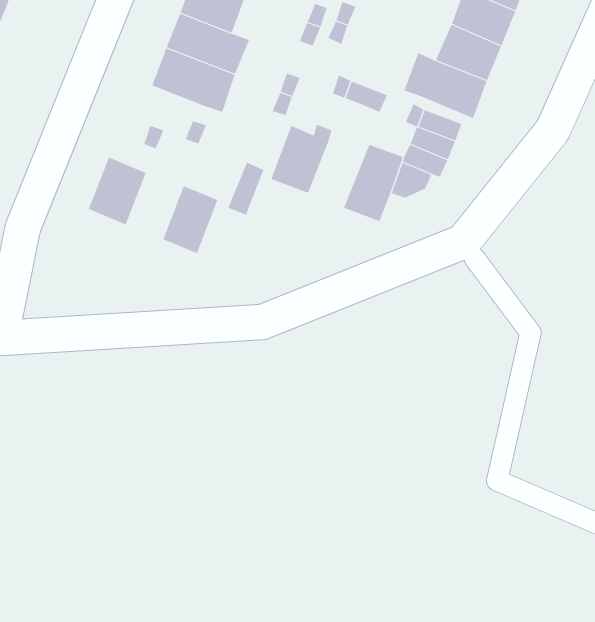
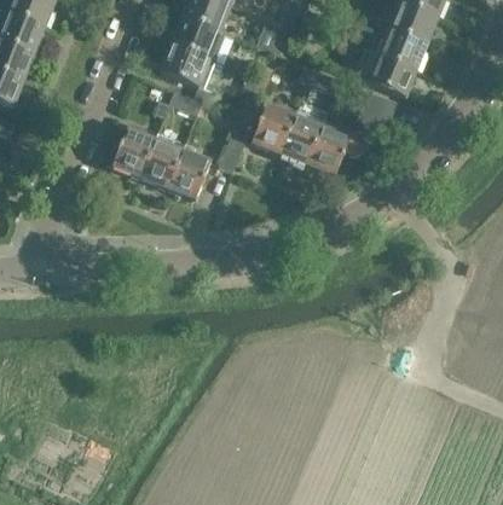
building: none -> [279,108,325,167]
building: none -> [140,140,184,191]

